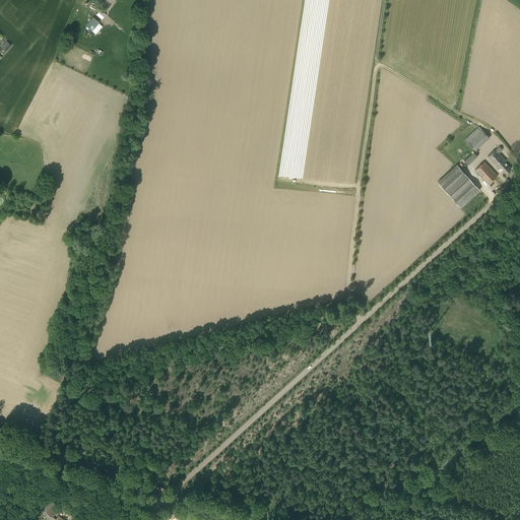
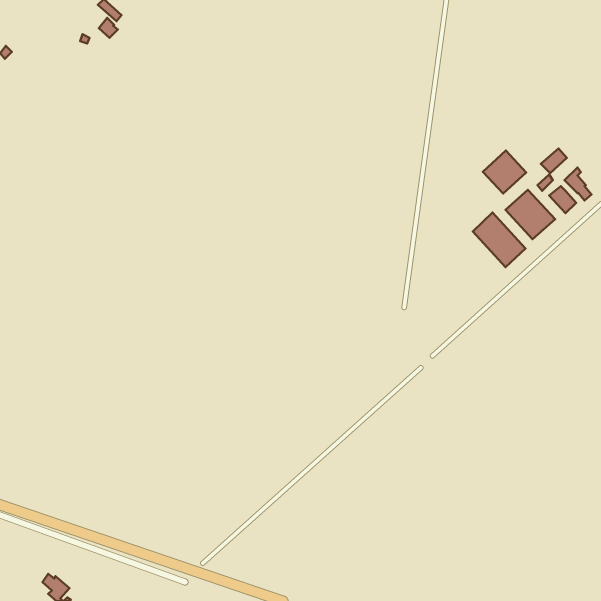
building: none -> [483,151,526,194]
building: none -> [473,213,525,267]

